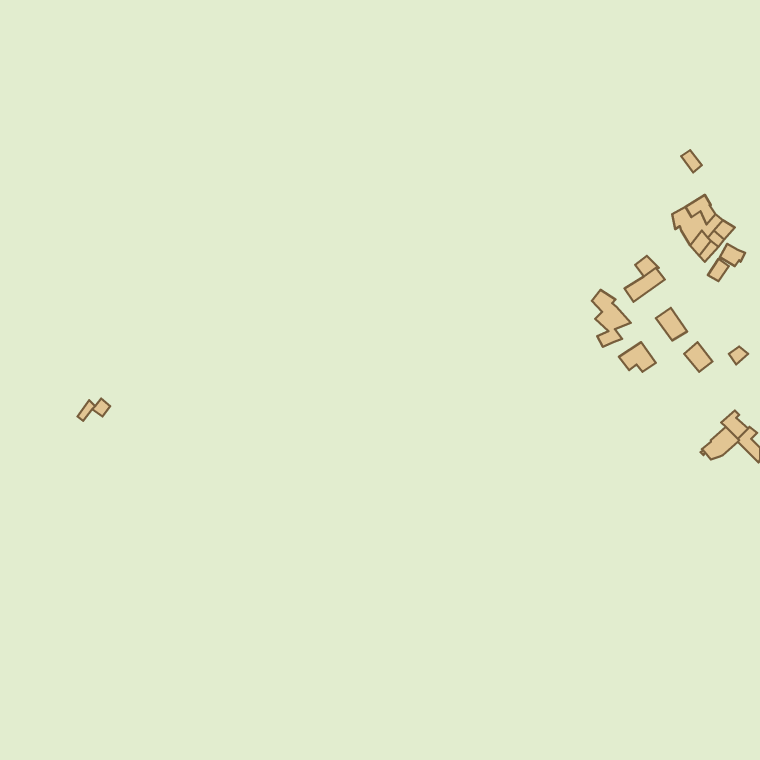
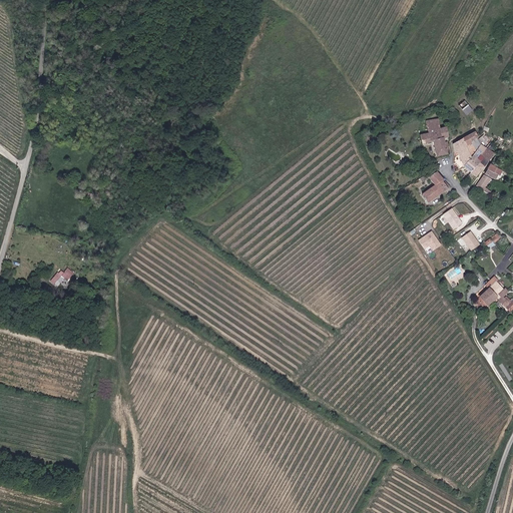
building: none -> [420,119,448,156]
building: [592,290,631,347] -> none

